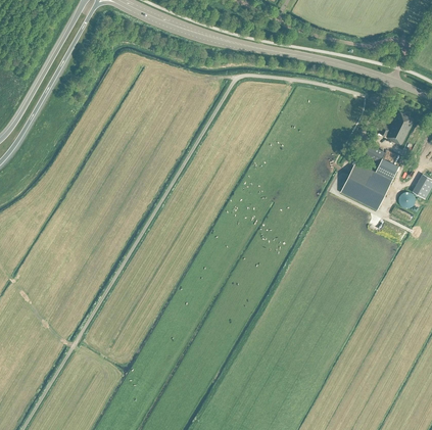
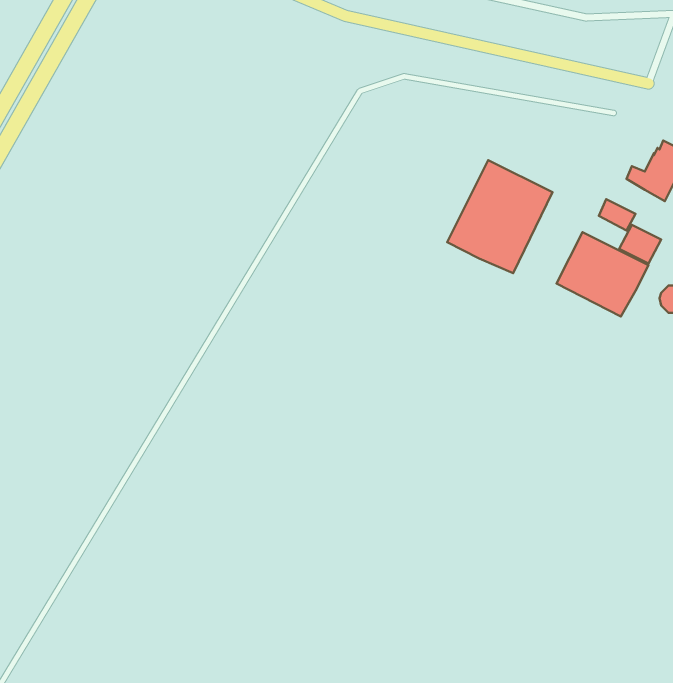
building: none -> [447,160,552,273]

